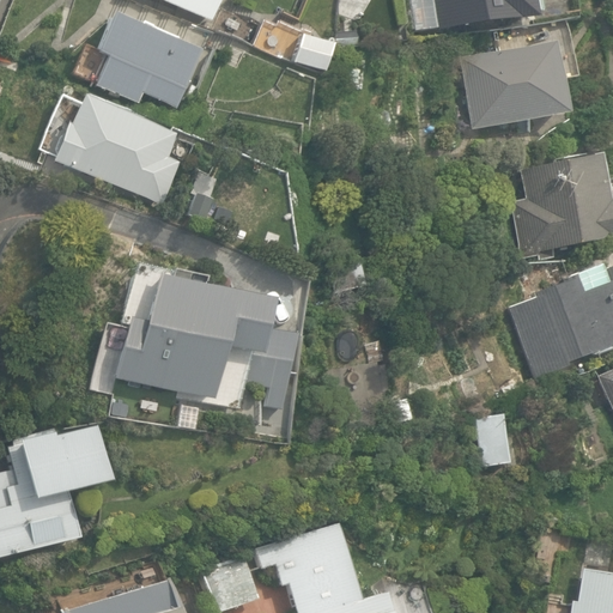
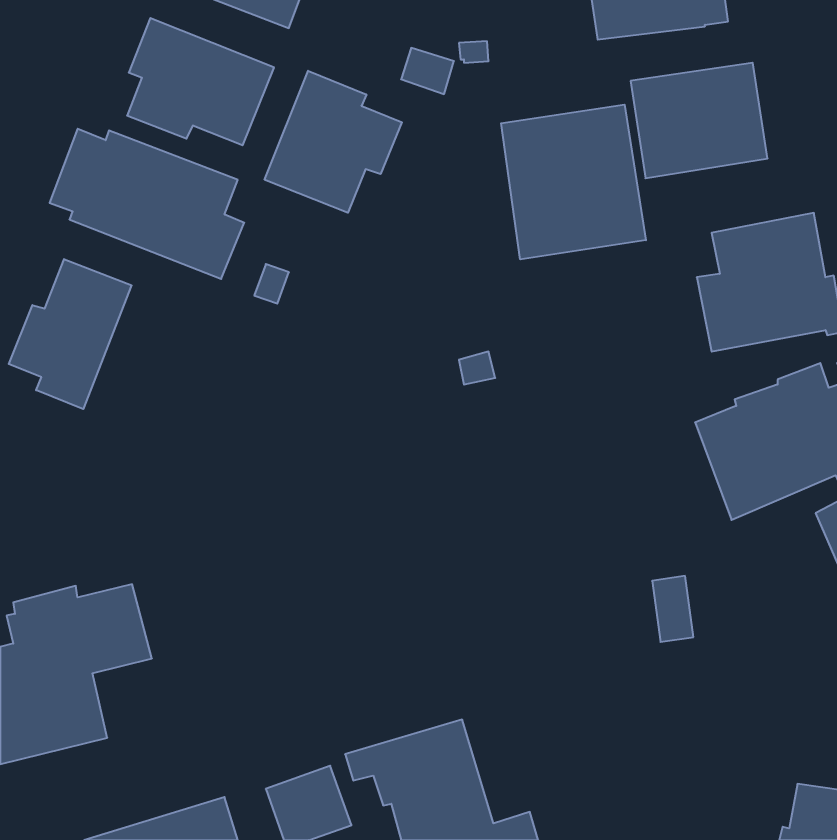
building: none -> [265,71,402,213]
building: none -> [501,105,646,259]
building: none -> [9,259,132,409]
building: [119,261,295,407] -> none

